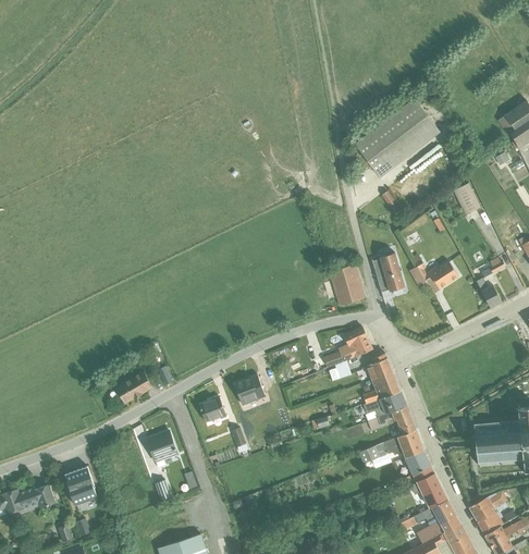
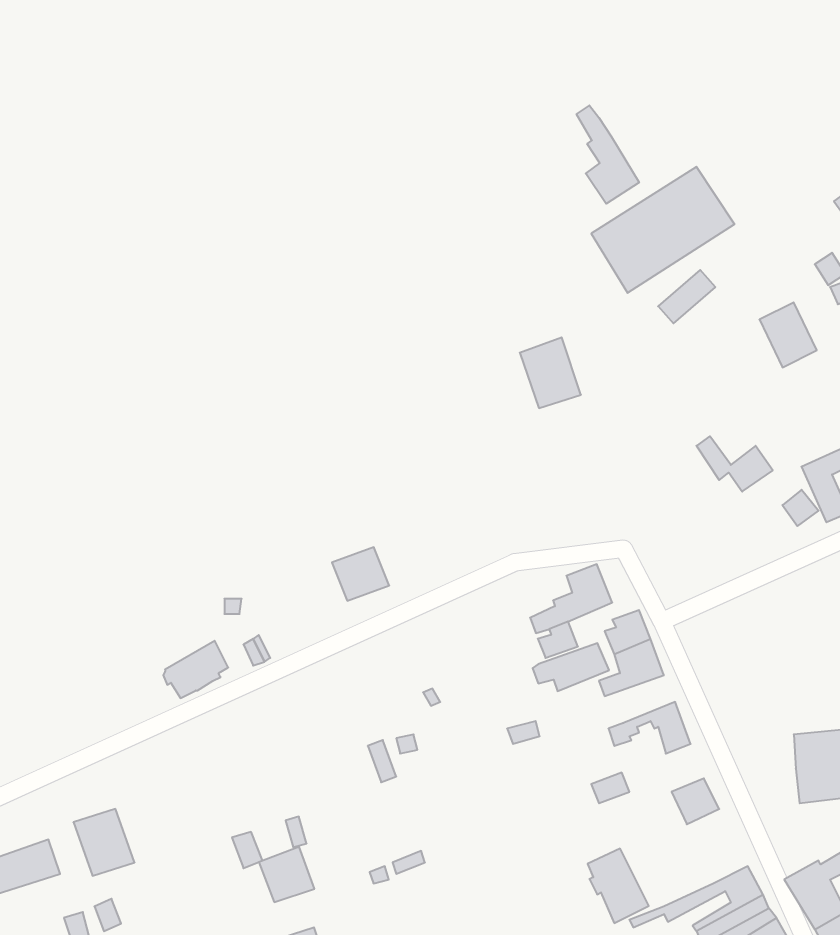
building: none -> [577,105,639,204]
building: [376,253,410,291] -> none
building: [329,258,364,298] -> [520,337,581,408]
building: [233,376,266,406] -> [332,547,389,601]
building: [362,391,406,418] -> [533,643,609,691]
building: [198,397,226,424] -> none
building: [383,430,422,458] -> none
building: [146,431,177,463] -> [259,847,314,902]
building: [413,467,447,509] -> [588,849,649,923]

